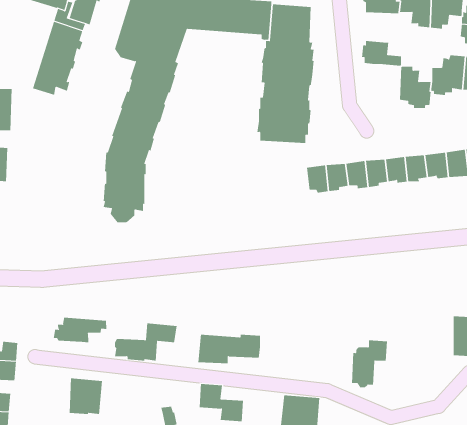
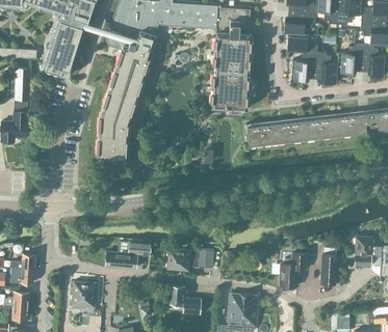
building: none -> [284,12,315,34]
building: none -> [291,51,316,81]
building: [53,317,107,343] -> none
building: none -> [320,254,337,284]

